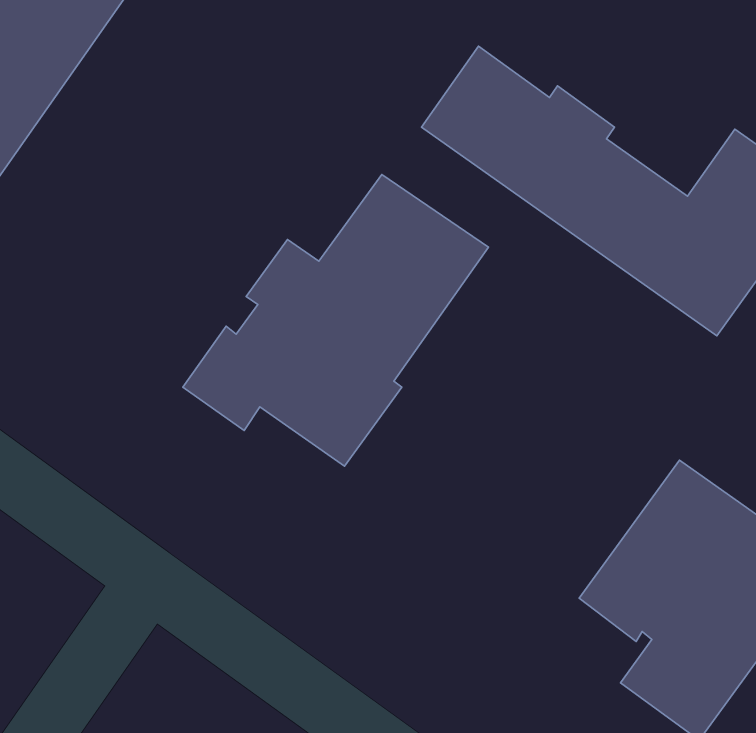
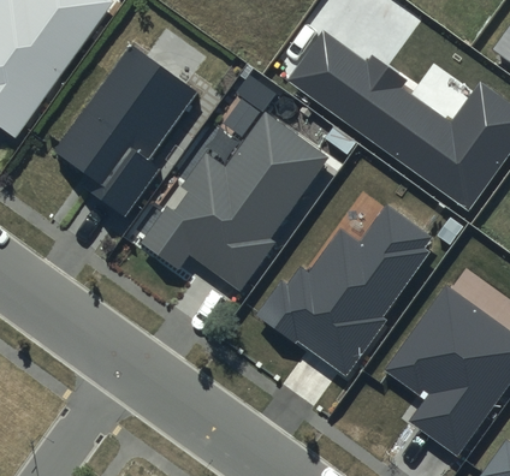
building: none -> [55,43,200,216]
building: none -> [257,206,434,375]

